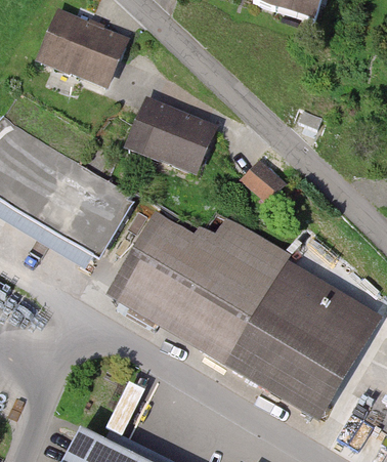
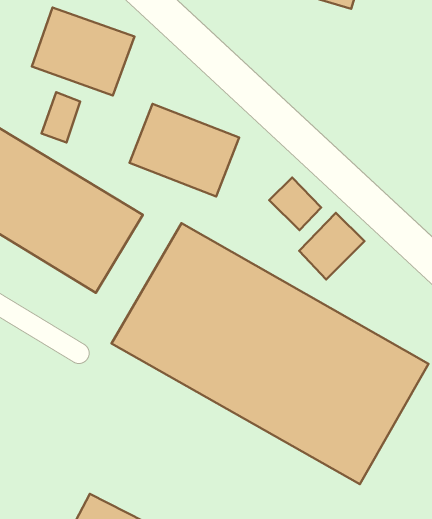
building: none -> [41,92,80,142]
building: none -> [299,213,364,279]

